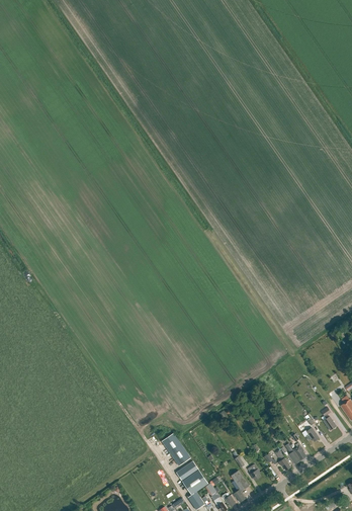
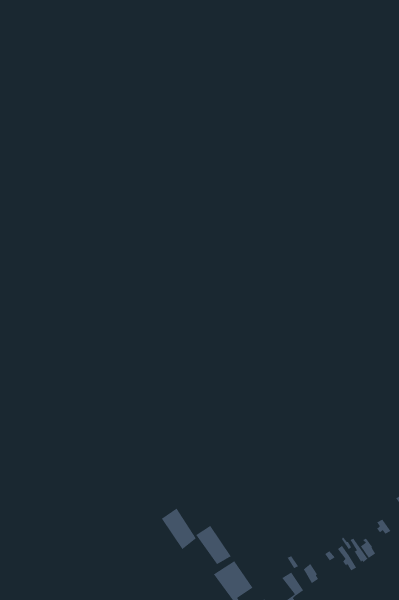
building: none -> [161,508,197,550]

